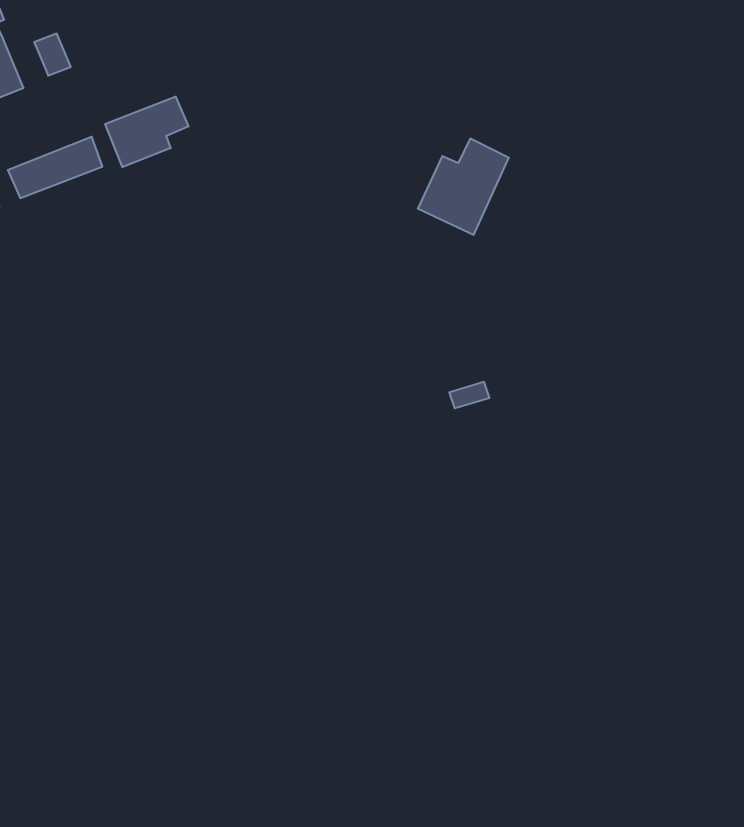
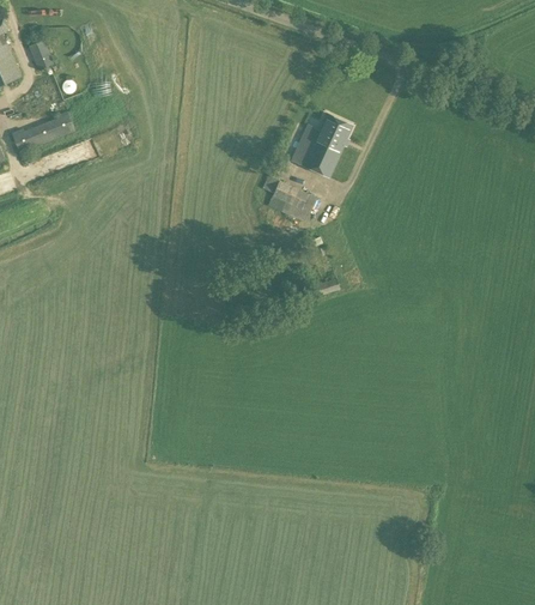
building: [105,97,189,167] -> none
building: none -> [261,174,316,222]

